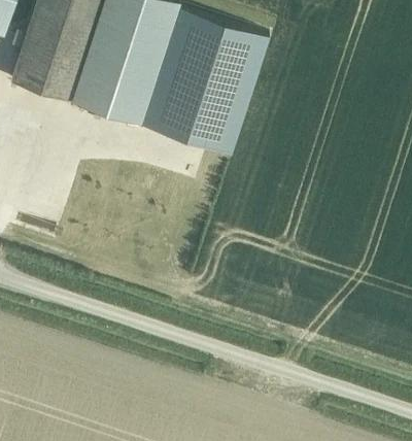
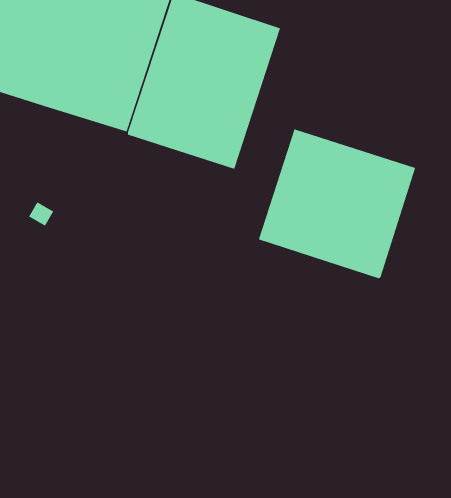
building: none -> [258,129,416,279]

